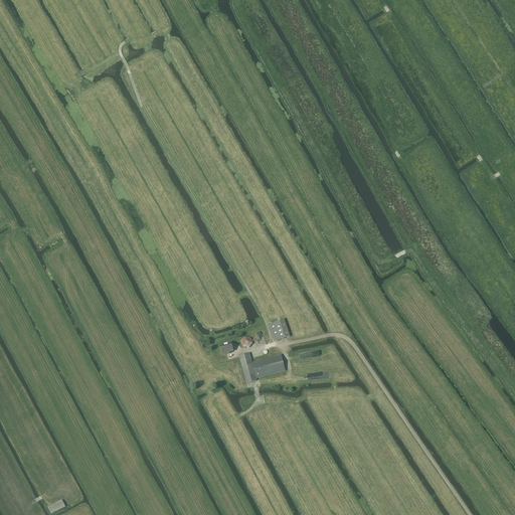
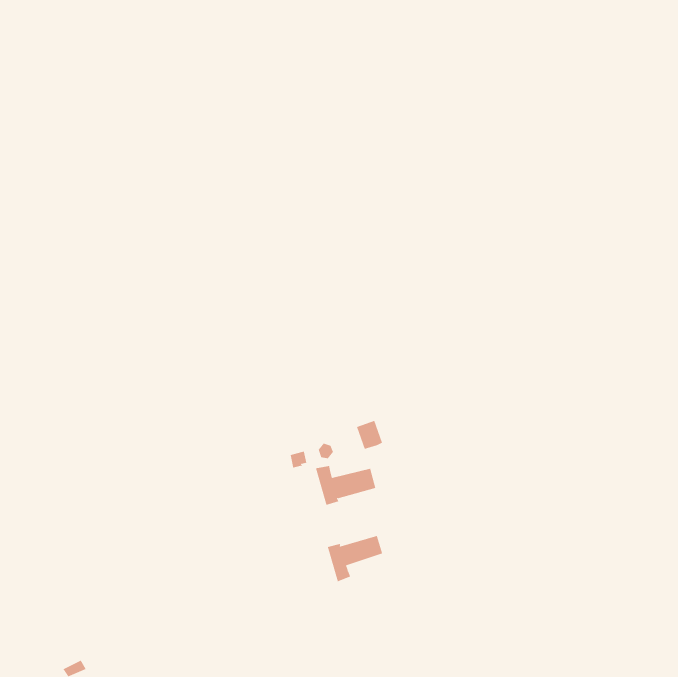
building: none -> [327,535,383,582]

